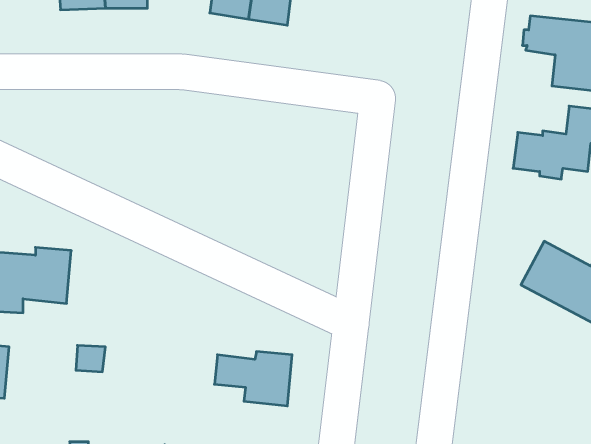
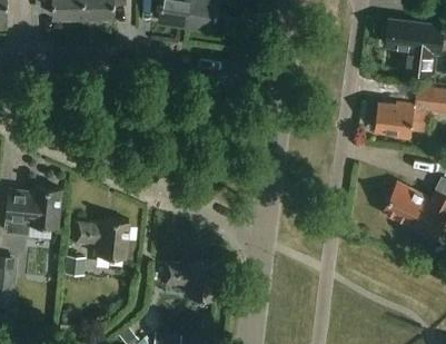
building: none -> [73,218,129,259]

